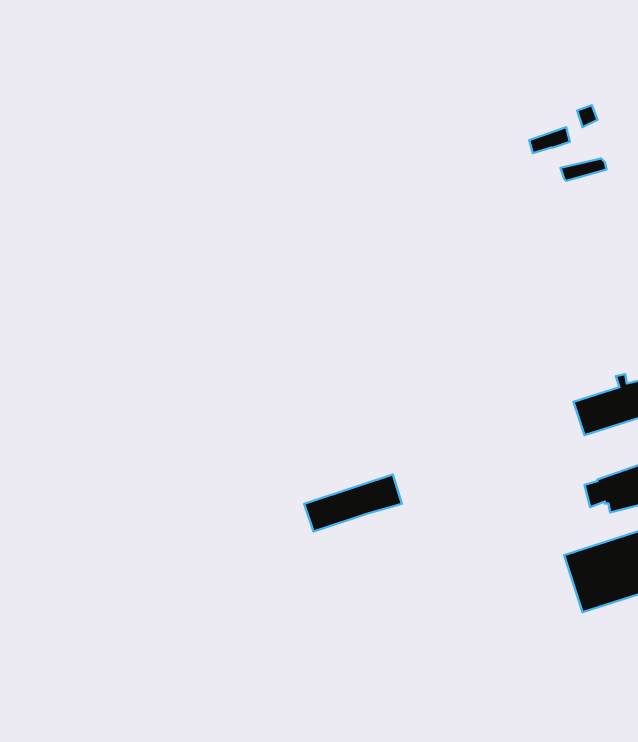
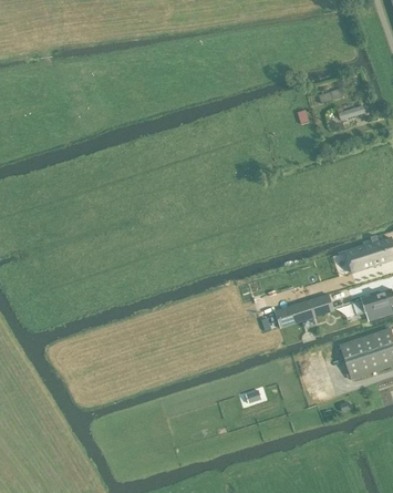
building: [304,474,402,532] -> [275,292,333,327]

